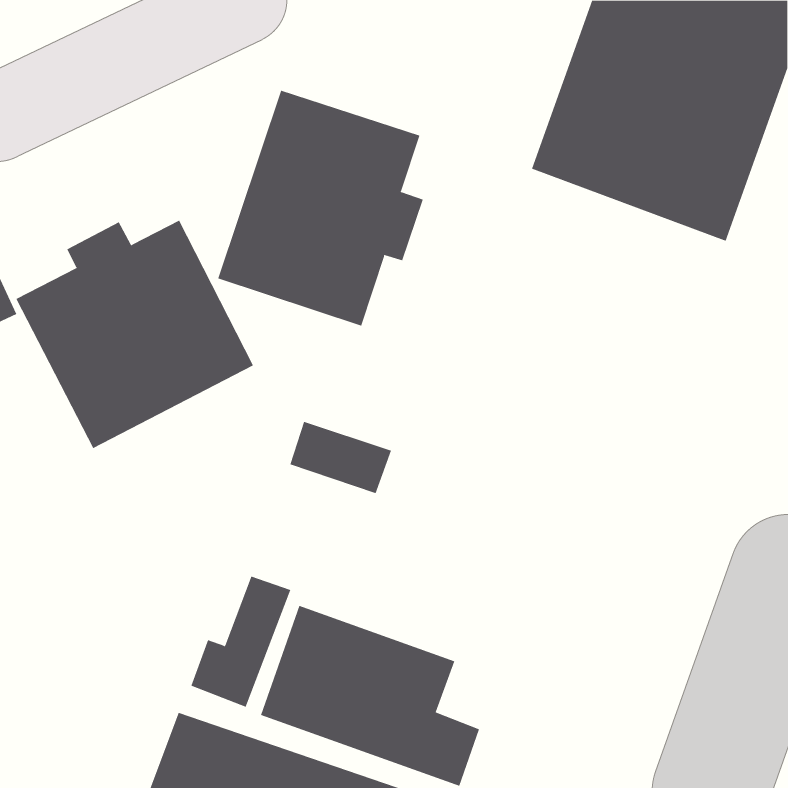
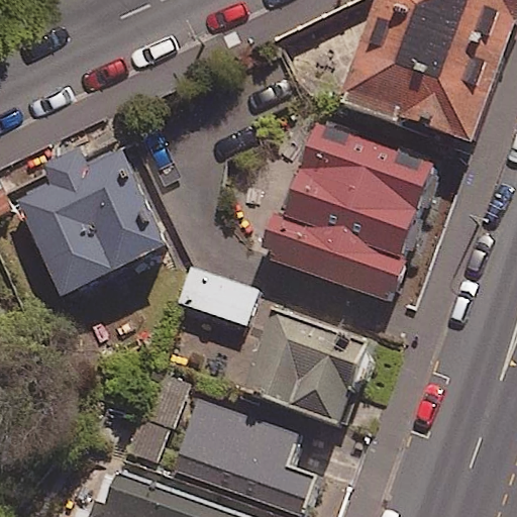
building: [218,90,424,327] -> none
building: none -> [266,119,435,300]
building: none -> [240,308,366,421]

